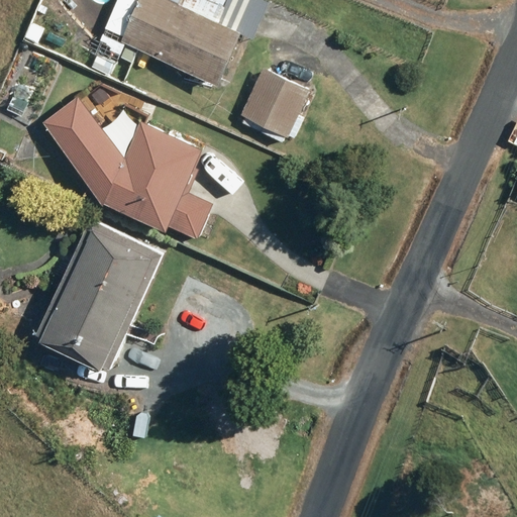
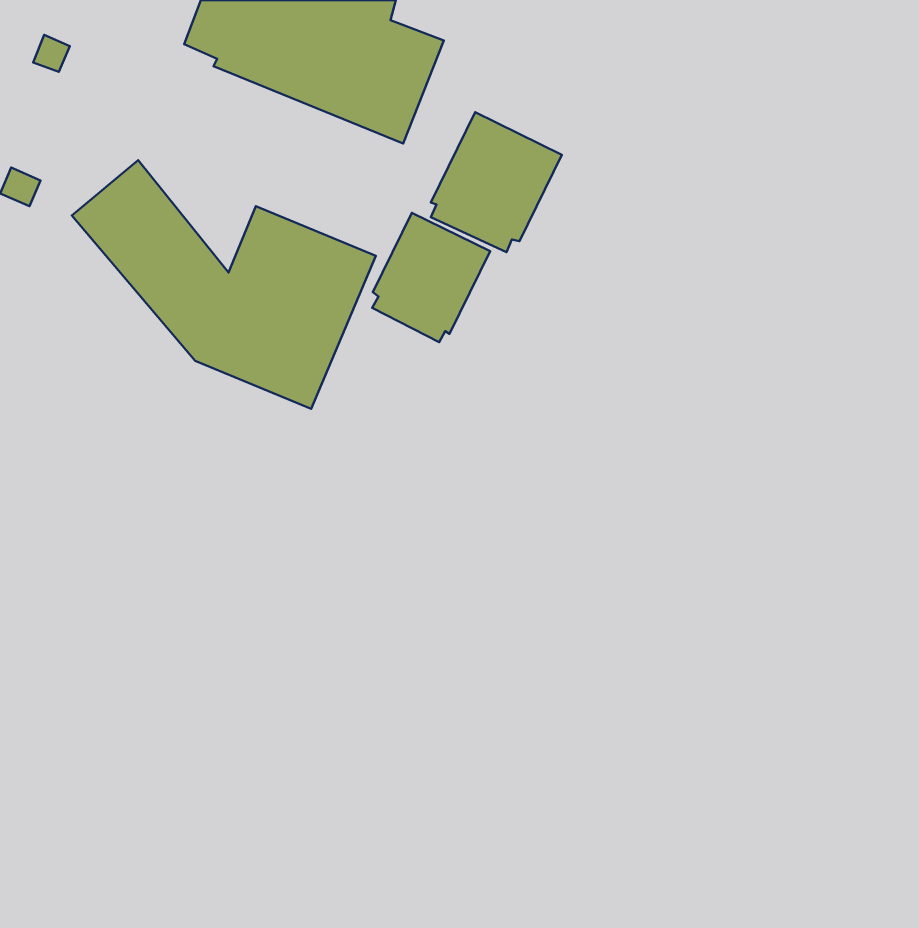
building: none -> [372,213,490,342]
building: [42,230,157,369] -> none

